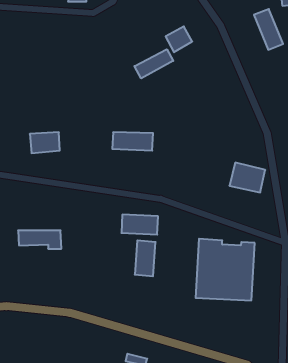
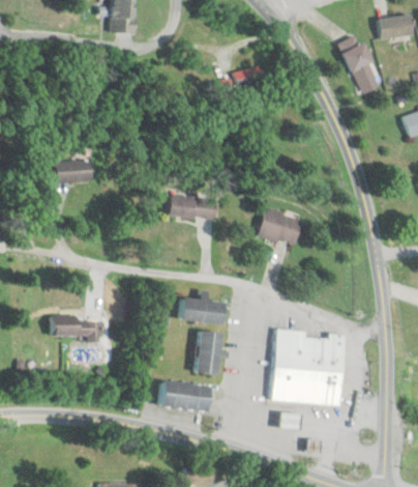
building: [134,49,173,78] -> none
building: [30,132,60,153] -> [53,160,90,185]
building: [229,163,265,192] -> [257,207,301,245]
building: none -> [158,380,209,410]

